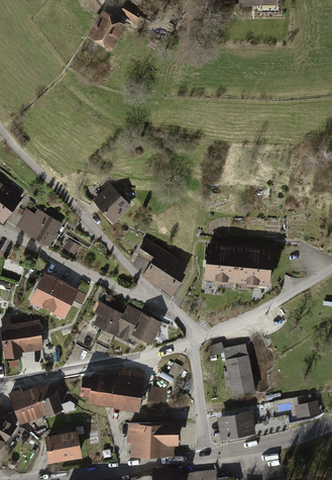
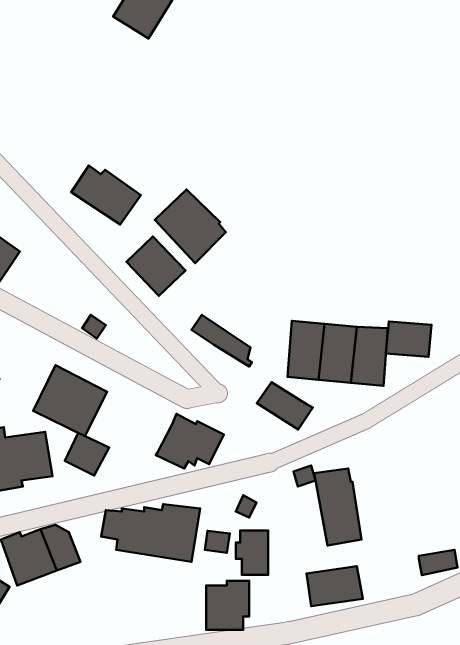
building: none -> [155,189,226,263]
building: [14,207,62,248] -> [71,165,141,225]
building: none -> [386,322,431,357]
building: [143,261,182,293] -> [257,382,313,430]
building: [95,305,125,334] -> [65,433,109,476]
building: [126,425,148,456] -> [236,531,268,575]
building: [43,429,80,460] -> none

